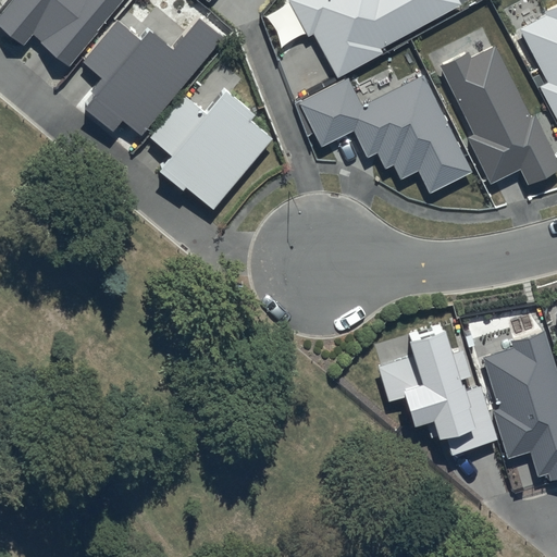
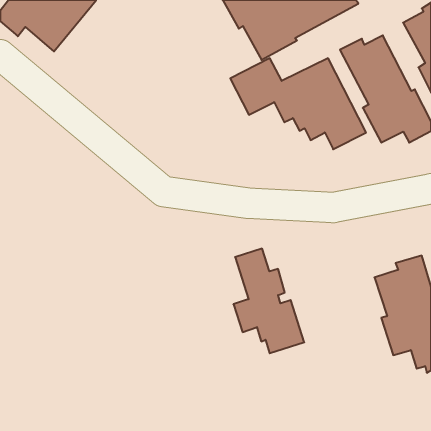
building: [84,15,225,137] -> none
building: [150,92,272,212] -> none
building: [404,320,495,455] -> [233,249,304,353]

